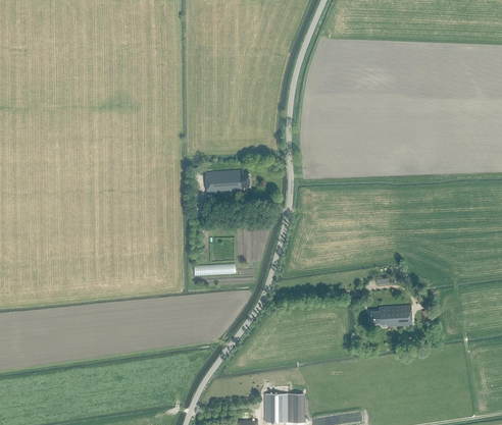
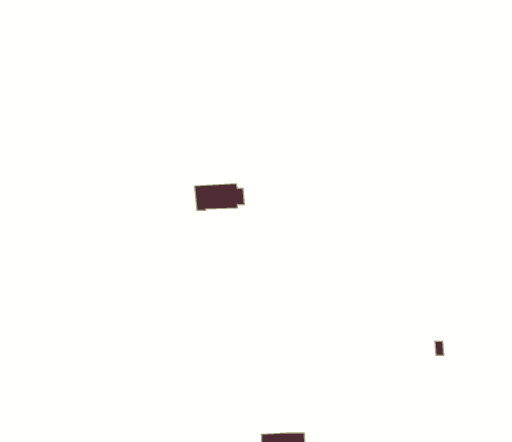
building: [370,305,411,326] -> none

